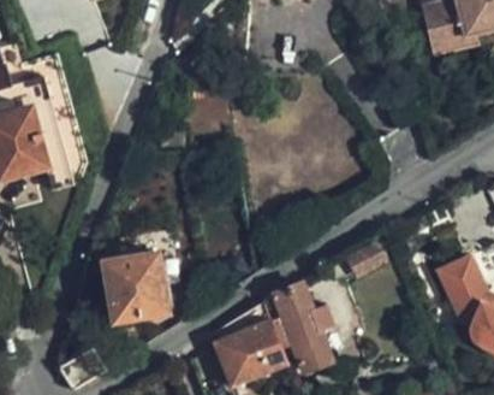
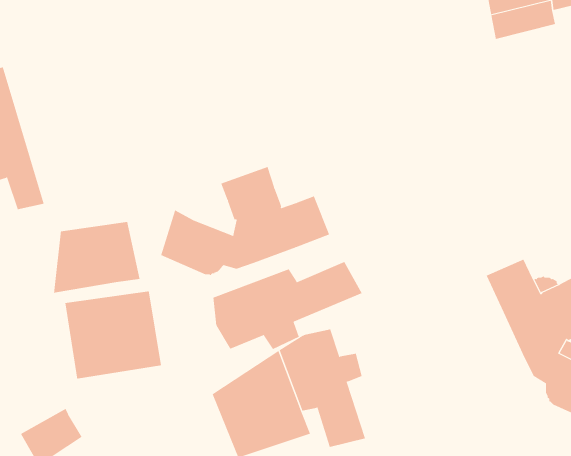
building: none -> [160,166,330,276]
building: none -> [54,221,140,293]
building: none -> [213,261,362,350]

